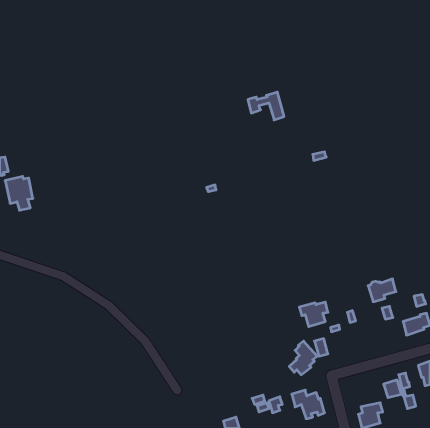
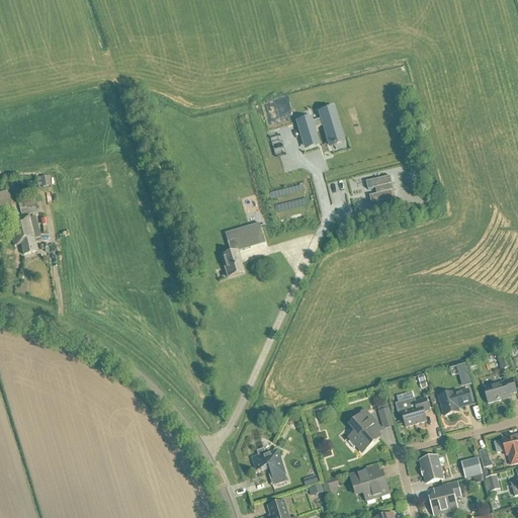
building: none -> [220,231,249,275]
building: [368,279,396,302] -> [438,386,471,414]
building: [299,302,328,327] -> [395,396,429,425]
building: none -> [252,447,286,485]
building: none -> [420,454,442,481]

